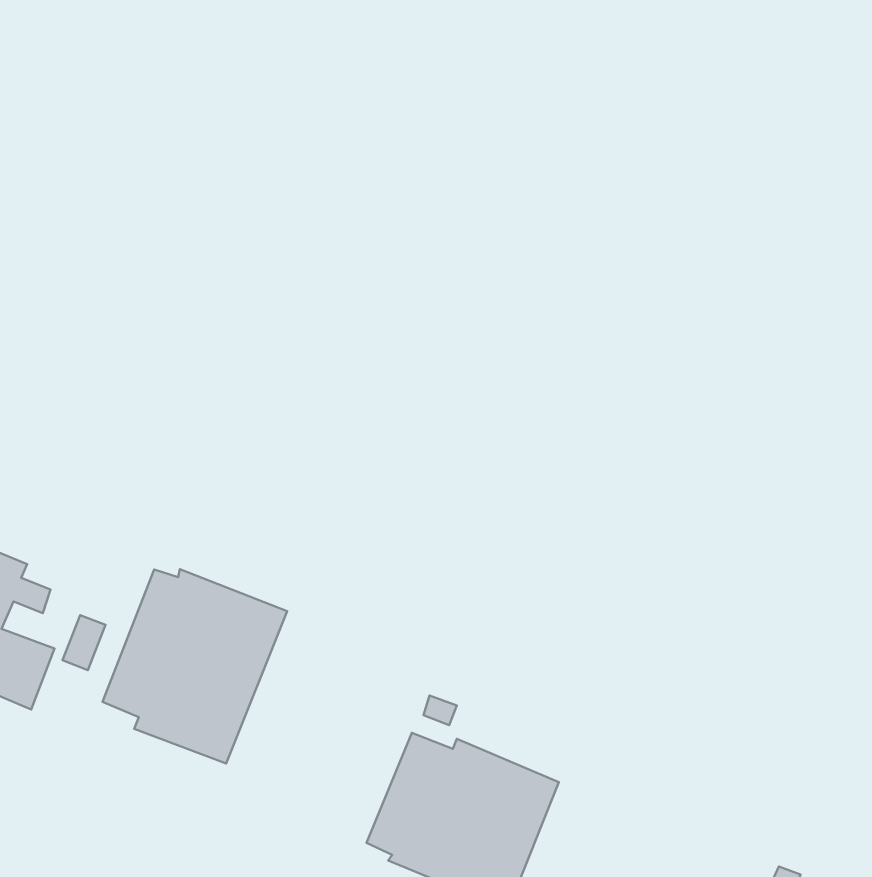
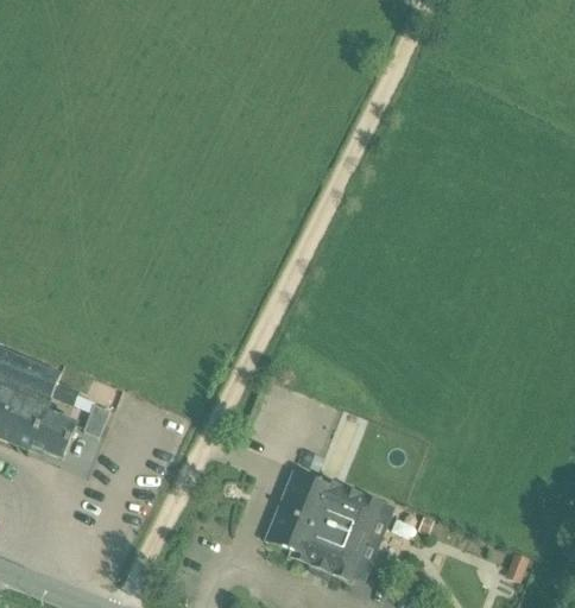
building: [103,569,287,763] -> none

